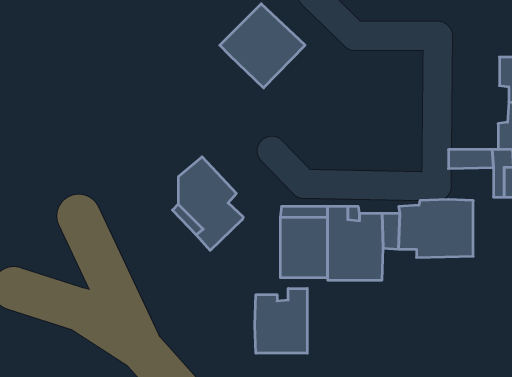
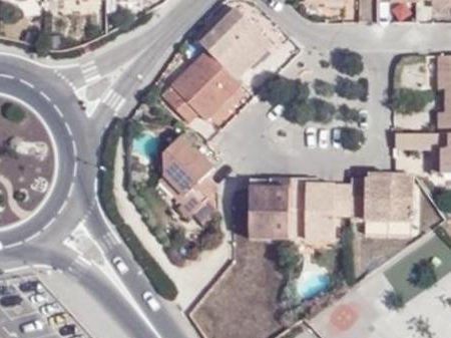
building: none -> [165,50,242,124]
building: [255,288,307,353] -> none

